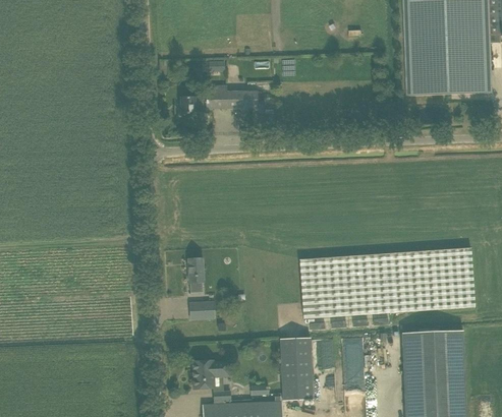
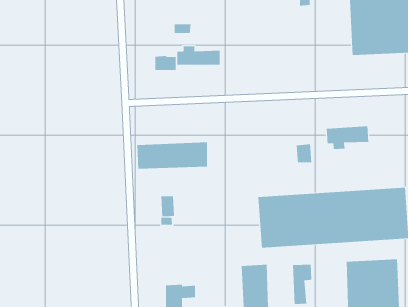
building: none -> [326,126,369,150]
building: none -> [137,141,207,169]
building: none -> [296,143,312,163]
building: [190,302,216,319] -> none

